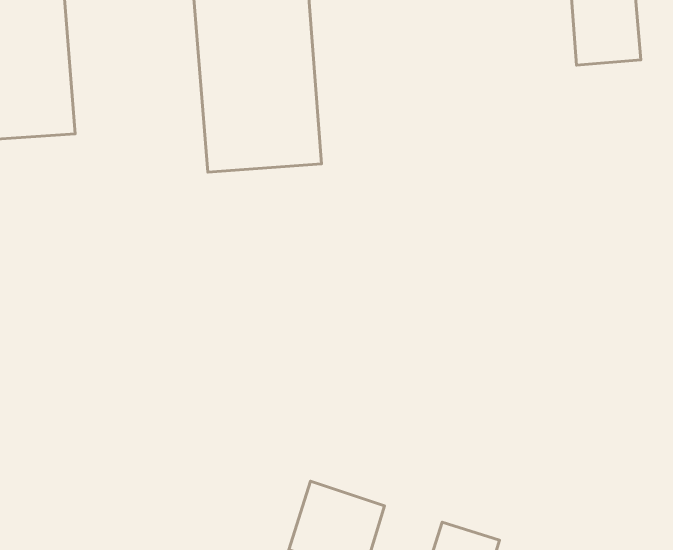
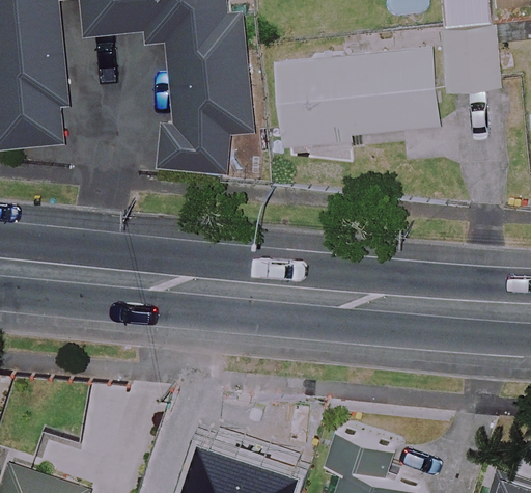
building: none -> [278,50,439,144]

